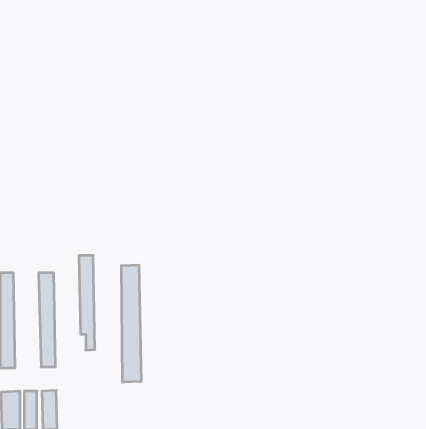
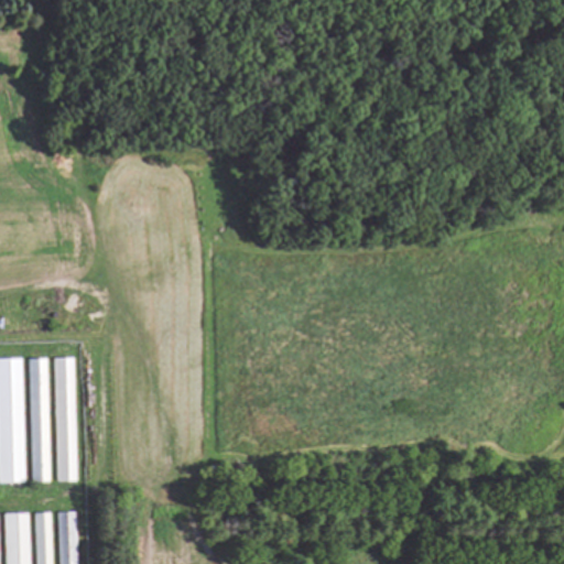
building: [79,255,95,350] -> [29,358,50,482]
building: [121,265,141,382] -> none

